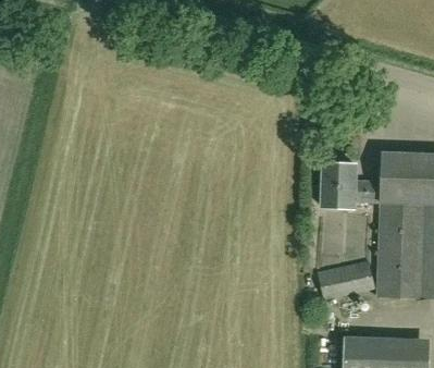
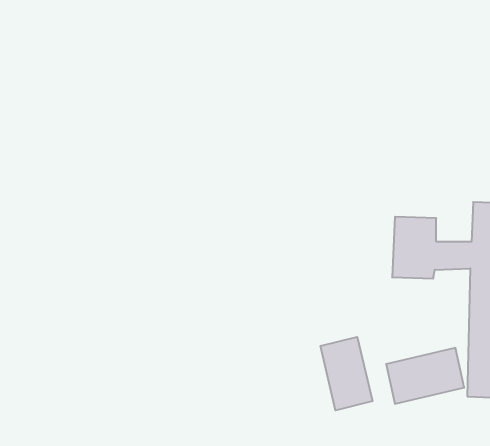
building: none -> [320,337,372,410]

